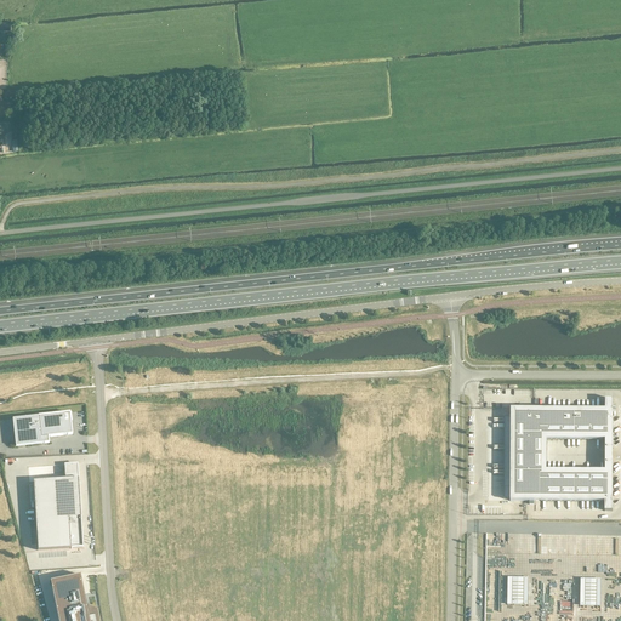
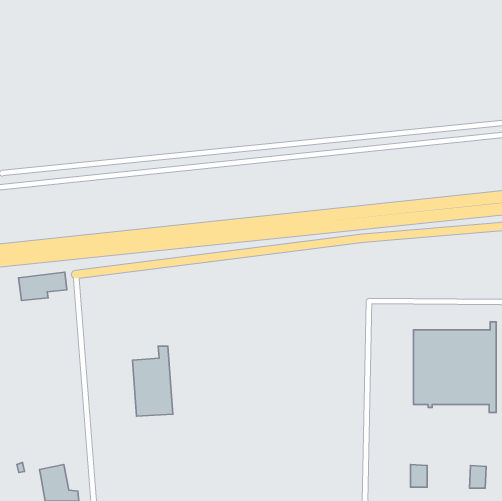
building: [11,410,70,445] -> [19,272,67,301]
building: [32,462,81,548] -> [132,346,173,416]

